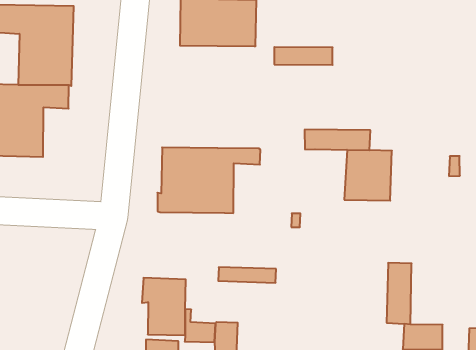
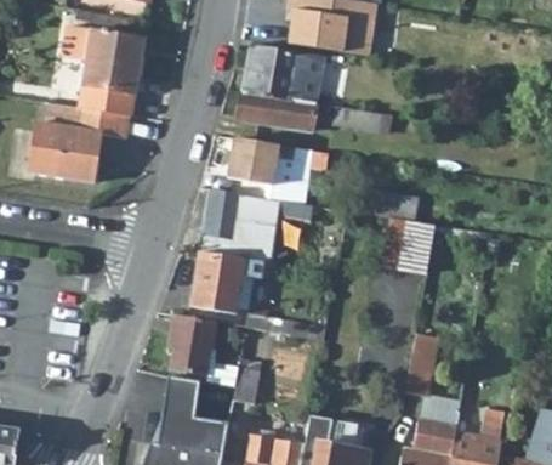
building: none -> [238,92,315,138]
building: none -> [228,138,329,204]
building: none -> [192,253,263,313]

